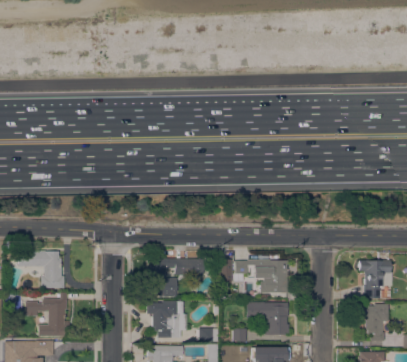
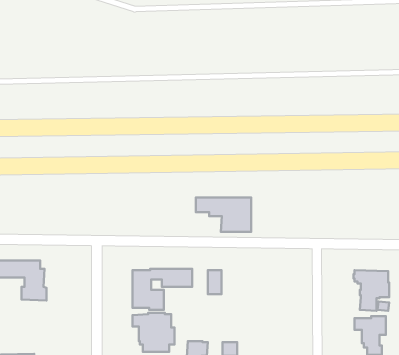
building: [235,260,288,293] -> [196,197,251,232]
building: [25,294,70,337] -> none
building: [247,302,289,335] -> none

